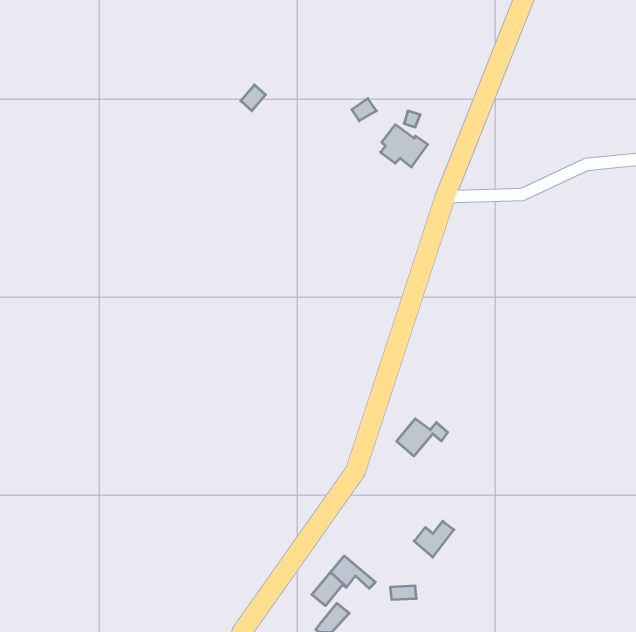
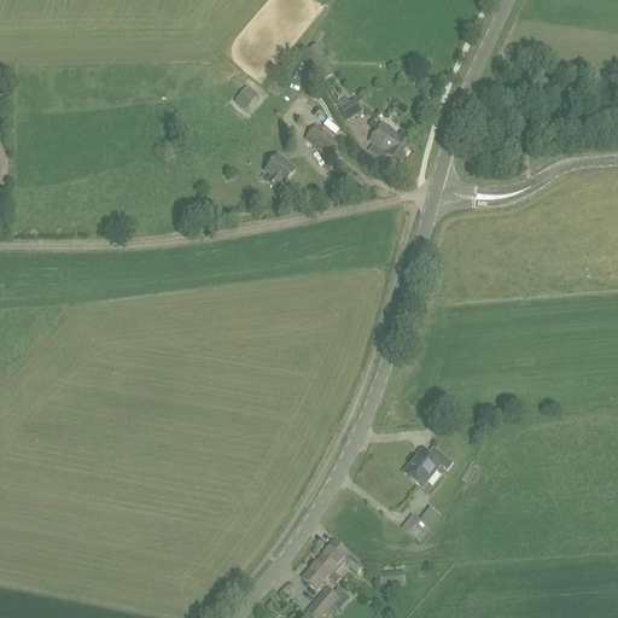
building: none -> [304,122,338,154]
building: none -> [266,152,295,187]
building: [397,419,448,456] -> [403,448,453,484]

